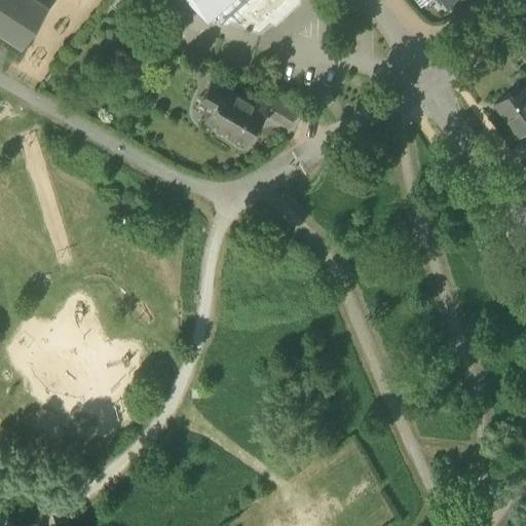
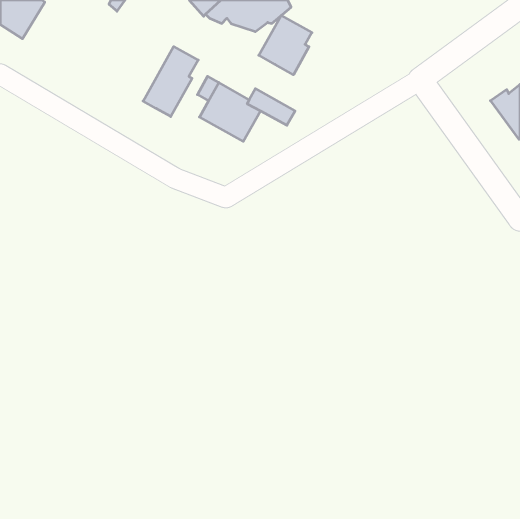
building: none -> [259,15,312,75]
building: none -> [143,47,198,117]

